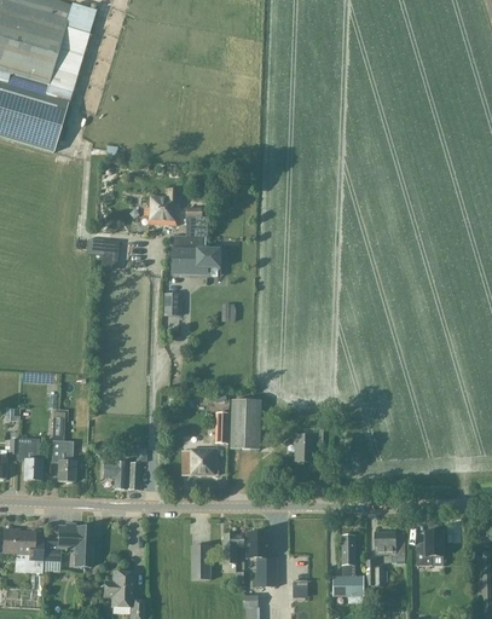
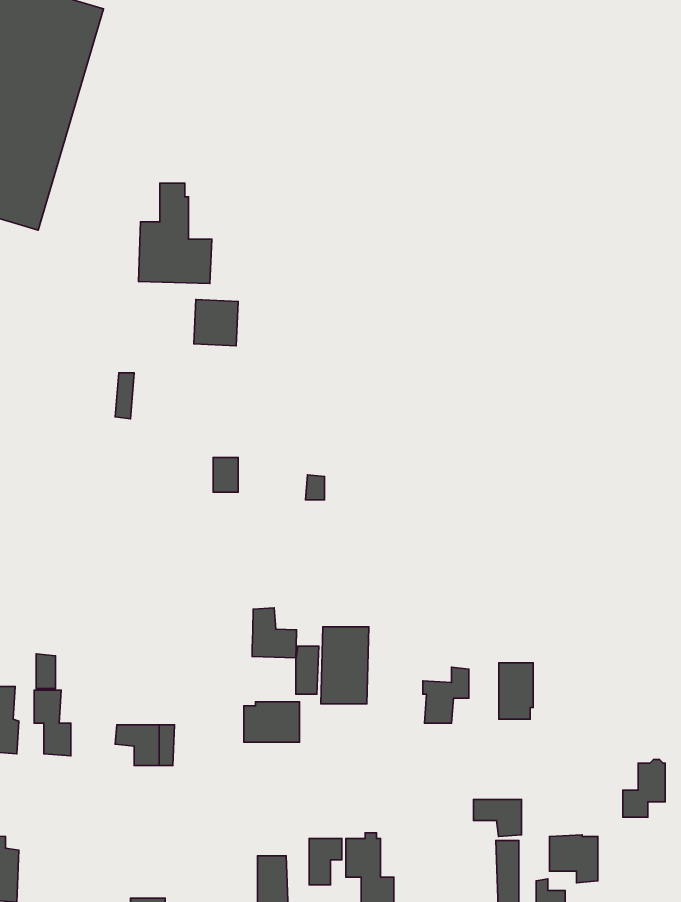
building: [173,209,219,272] -> [139,183,212,283]
building: none -> [252,608,297,658]
building: none -> [499,663,533,719]
building: none -> [473,800,521,836]
building: [45,525,93,567] -> none
building: [416,528,442,565] -> [623,759,665,817]

